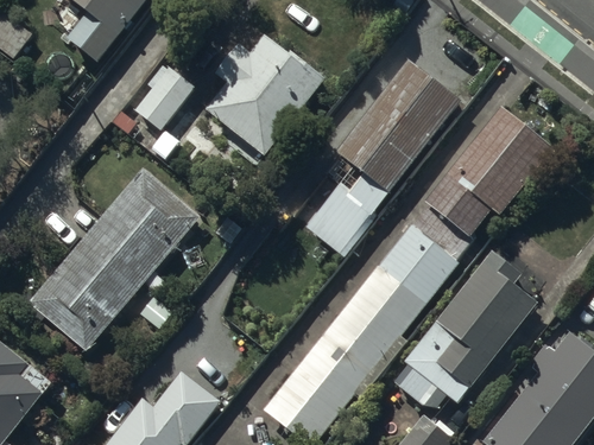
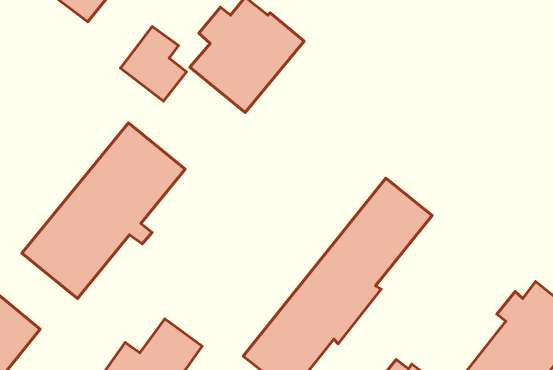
building: [305,58,462,256] -> none
building: [428,108,551,236] -> none
building: [396,244,543,407] -> none

